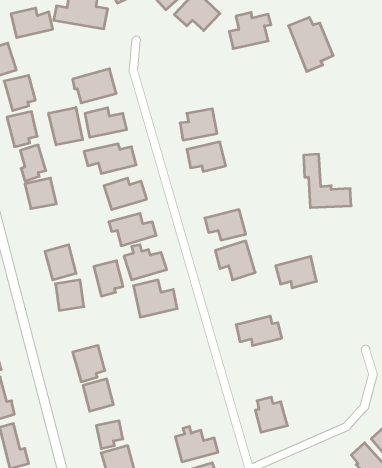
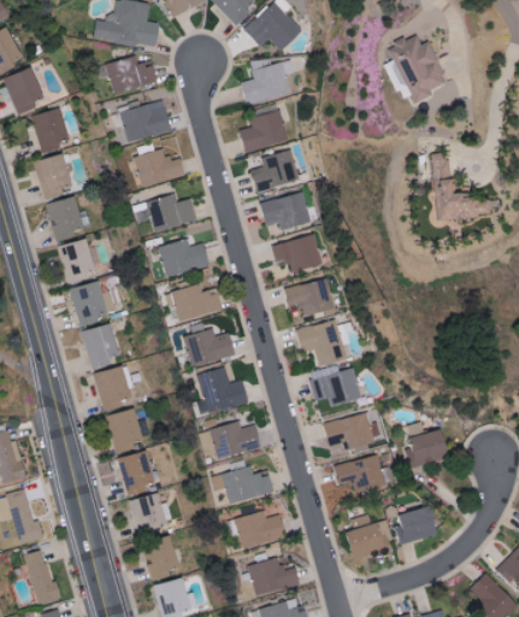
building: [11,8,53,38] -> [104,57,157,94]
building: [229,12,271,49] -> [241,58,294,104]
building: none -> [240,112,287,152]
building: [49,107,83,145] -> none
building: [304,154,351,208] -> [429,153,489,221]
building: none -> [271,236,320,272]
building: none -> [69,281,111,323]
building: [276,256,317,288] -> [308,368,360,407]
building: [94,261,123,296] -> [106,409,143,453]
building: none -> [206,422,260,460]
building: none -> [408,423,448,464]
building: none -> [332,457,390,492]
building: none -> [210,460,273,505]
building: none -> [393,506,438,545]
building: none -> [232,512,285,550]

